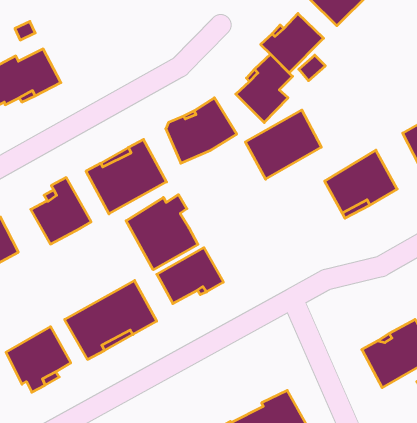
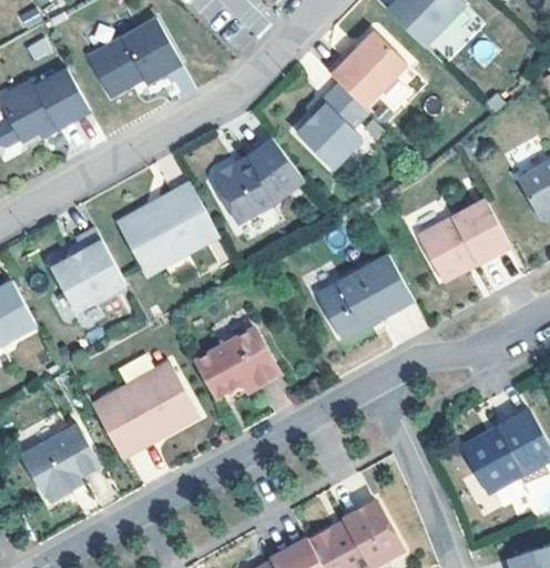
building: none -> [83,23,179,103]
building: [245,110,321,179] -> [314,254,409,341]
building: [126,195,198,270] -> none

